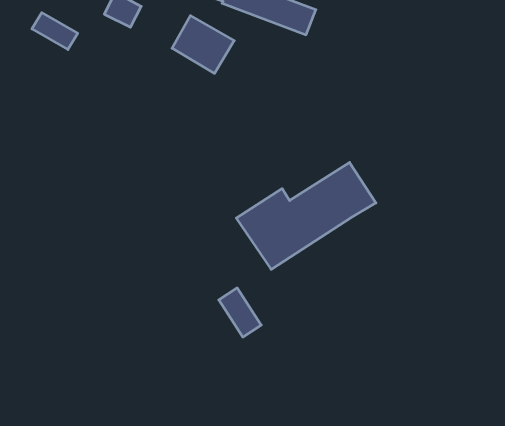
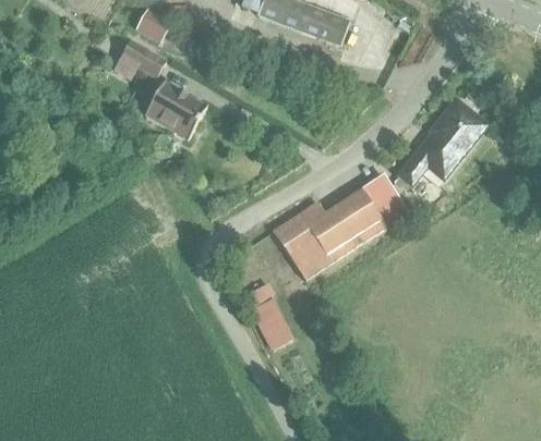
building: [32,13,78,50] -> [119,40,165,77]
building: [172,16,234,73] -> [144,82,206,139]
building: none -> [398,100,485,184]

